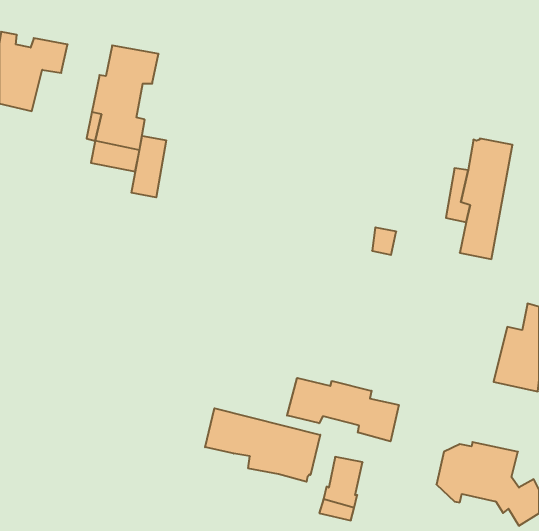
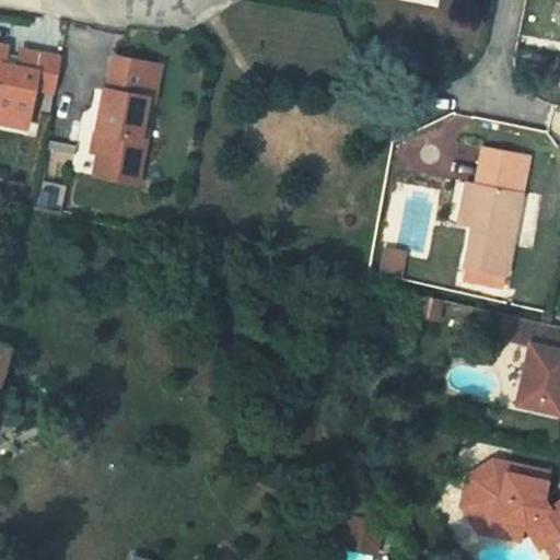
building: [131,136,166,197] -> none
building: [287,378,399,441] -> none
building: [205,408,320,482] -> none

